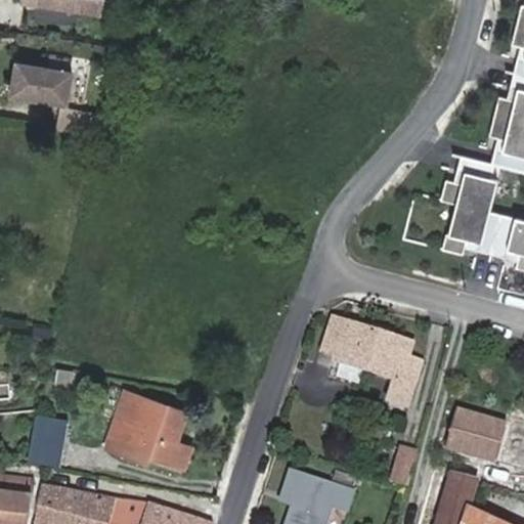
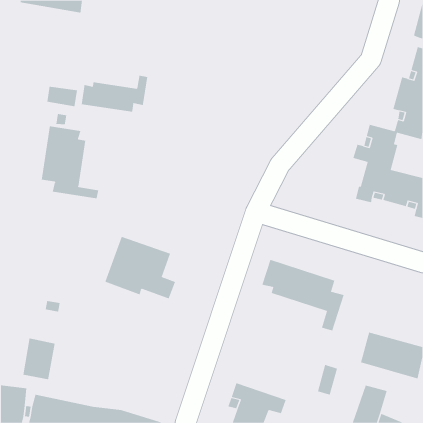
building: [8,55,69,96] -> none
building: none -> [81,75,148,113]
building: none -> [41,126,99,199]
building: [105,393,193,471] -> [105,236,176,299]

